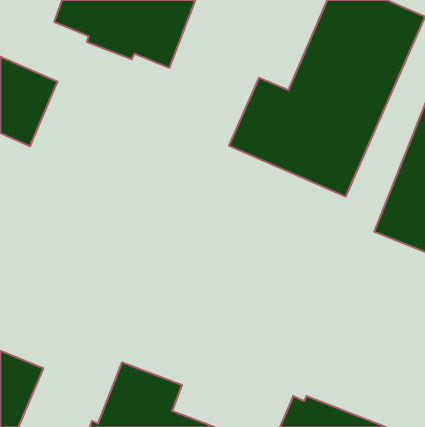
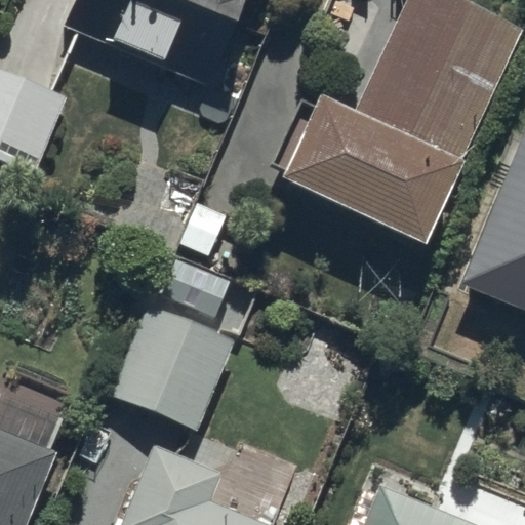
building: none -> [113,309,234,434]

